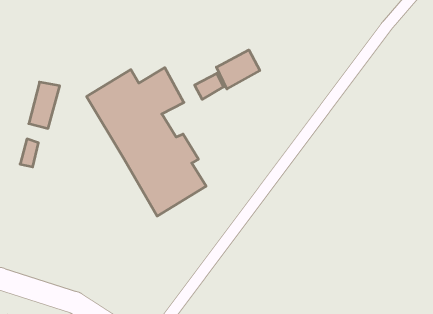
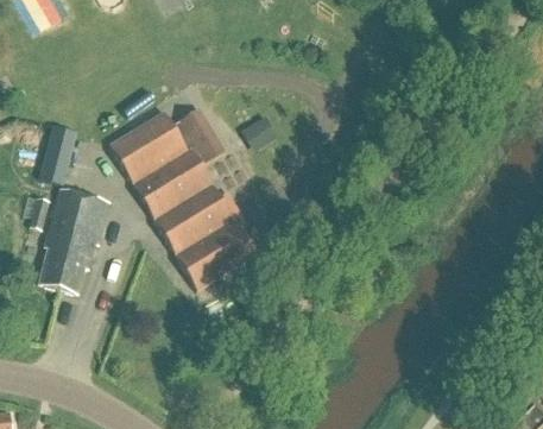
building: [216,50,260,89] -> none
building: none -> [39,187,108,291]

